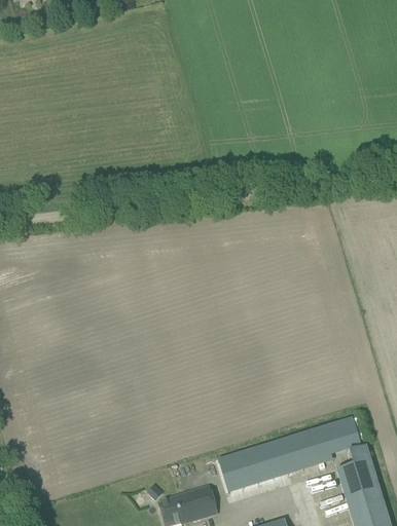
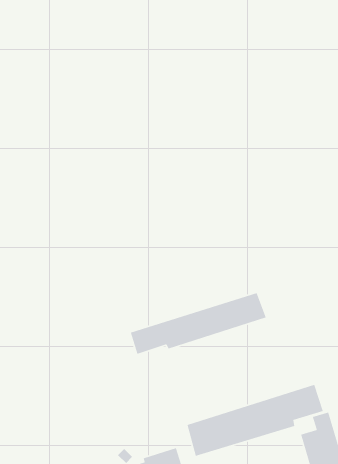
building: none -> [130,292,267,355]

